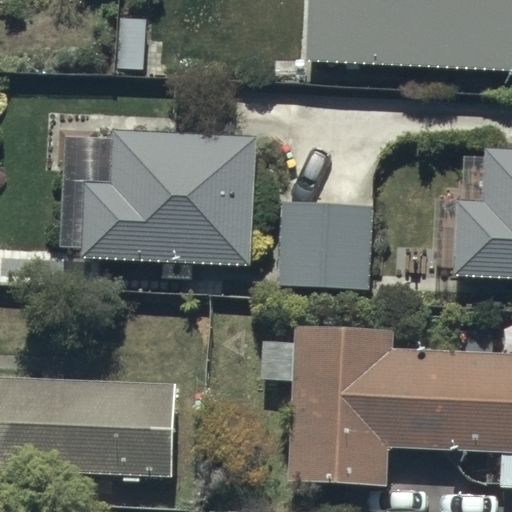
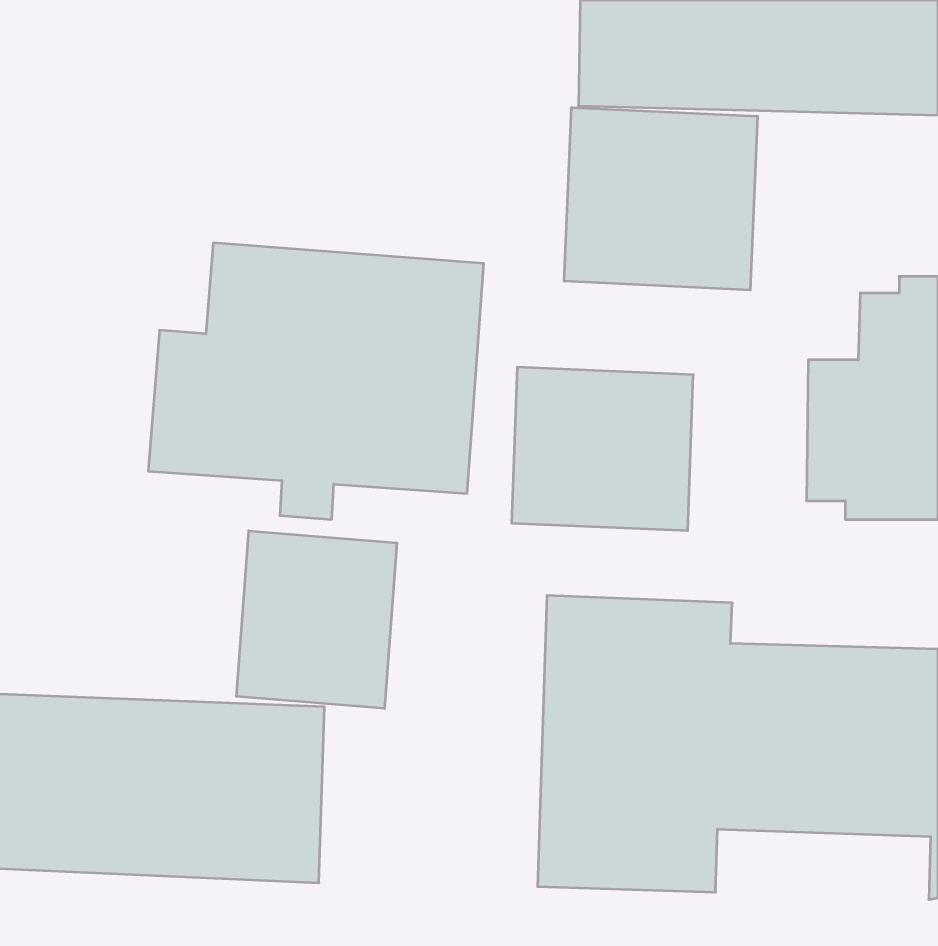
building: none -> [564,107,758,290]
building: none -> [236,531,397,709]

